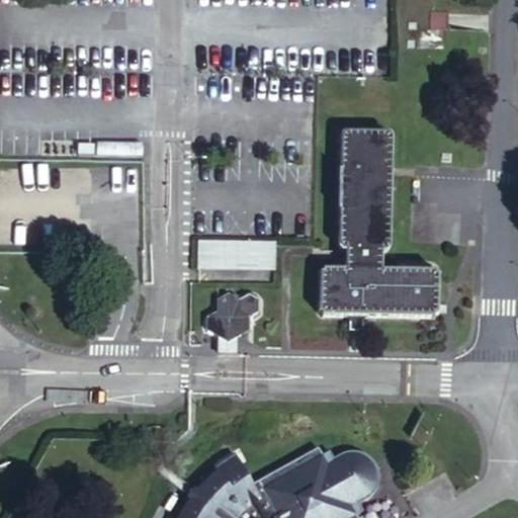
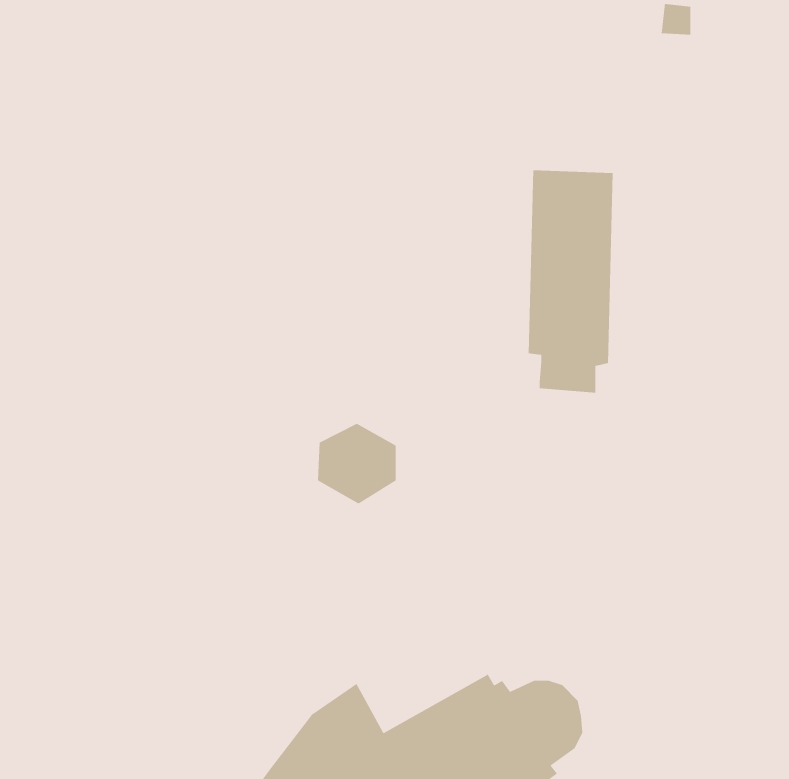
building: [194,238,269,270] -> none
building: [304,261,432,325] -> none

